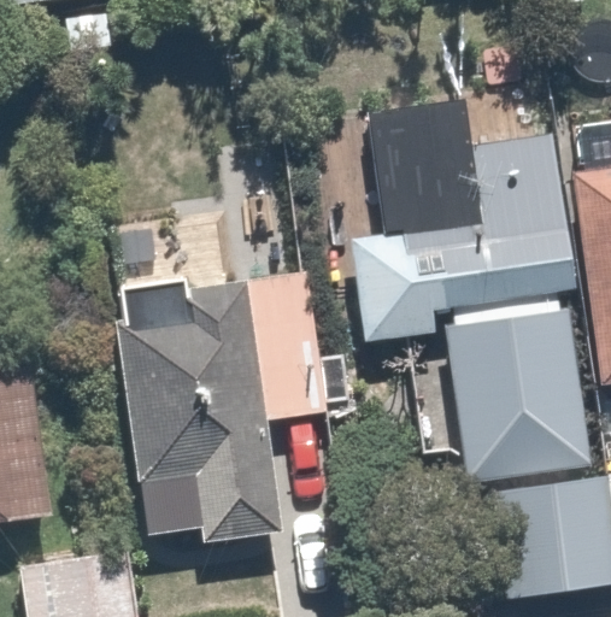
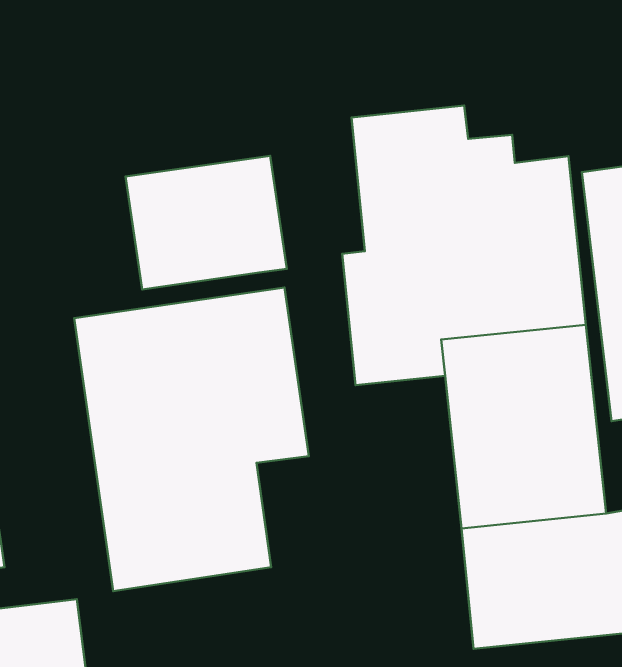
building: none -> [125,156,287,290]

